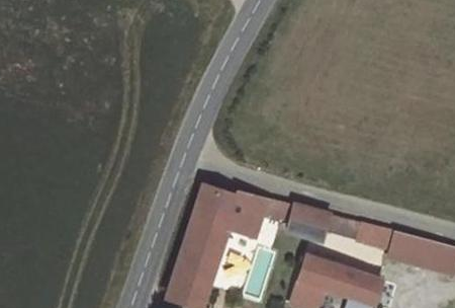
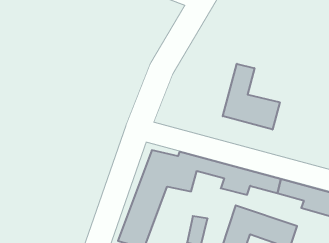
building: none -> [223,64,280,130]

